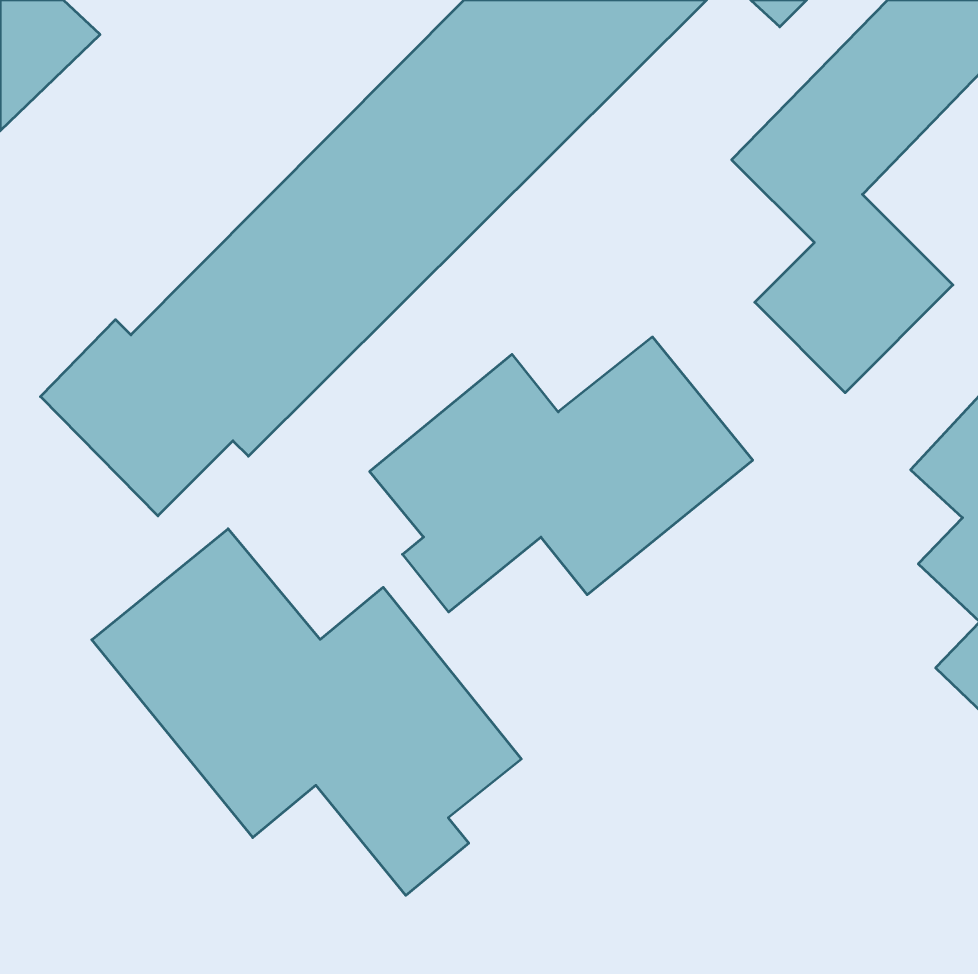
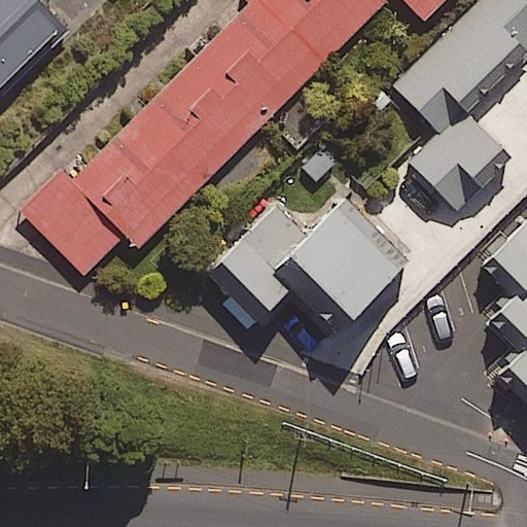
building: [92,529,521,895] -> none

